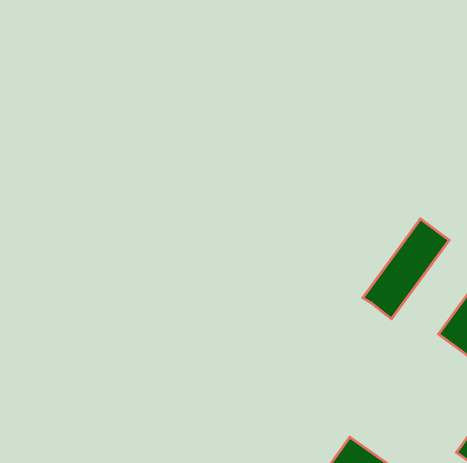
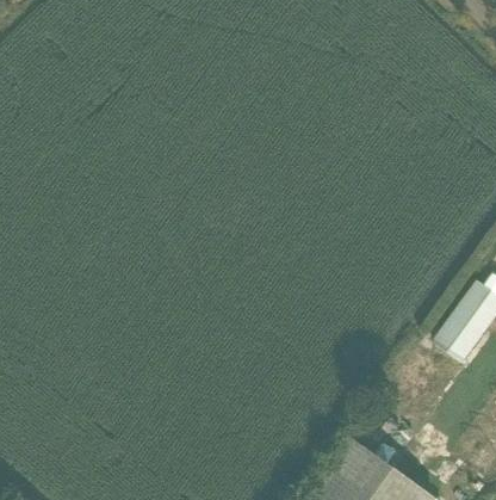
building: [363,219,449,319] -> none

